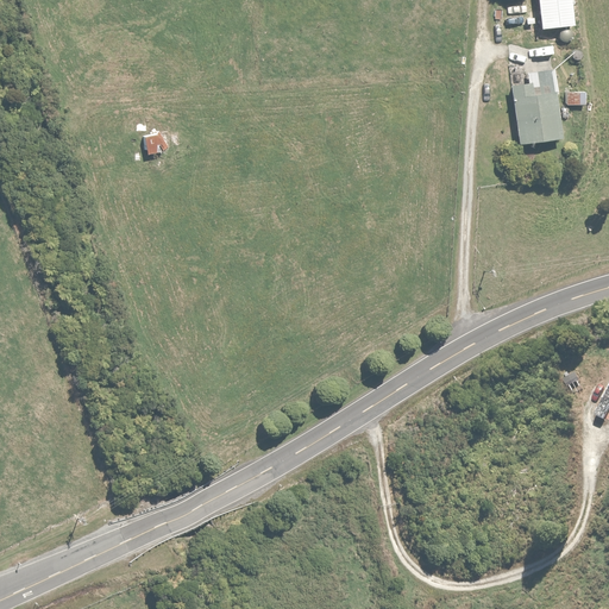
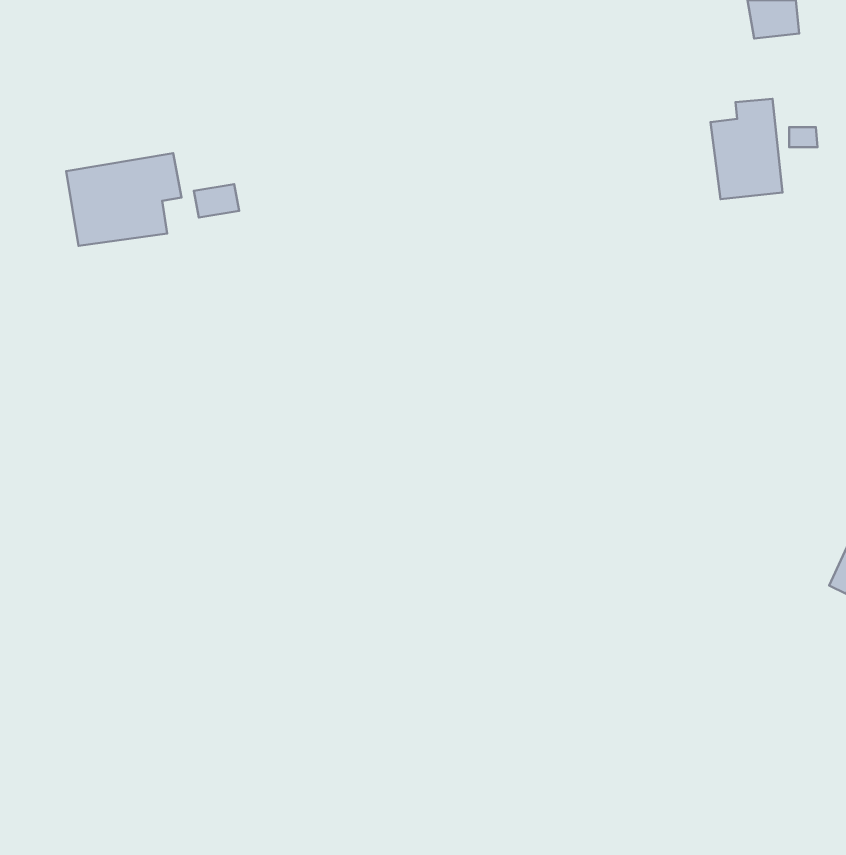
building: none -> [66,153,181,246]

